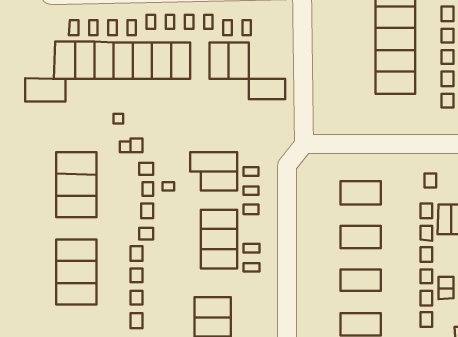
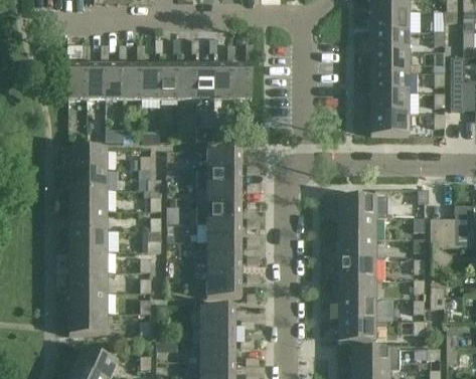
building: none -> [196,64,214,99]
building: [25,78,65,101] -> [69,146,108,168]
building: [249,79,285,99] -> [206,149,241,168]
building: none -> [371,113,409,134]
building: none -> [197,204,241,223]
building: none -> [338,217,376,237]
building: none -> [69,229,108,250]
building: none -> [338,258,376,278]
building: none -> [206,277,241,297]
building: none -> [338,299,376,320]
building: none -> [69,312,108,334]

